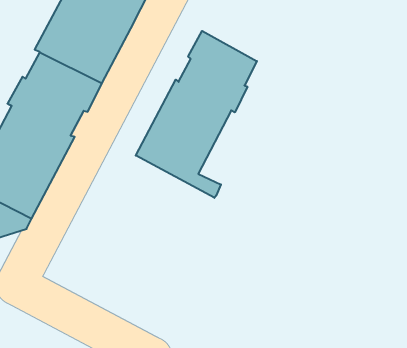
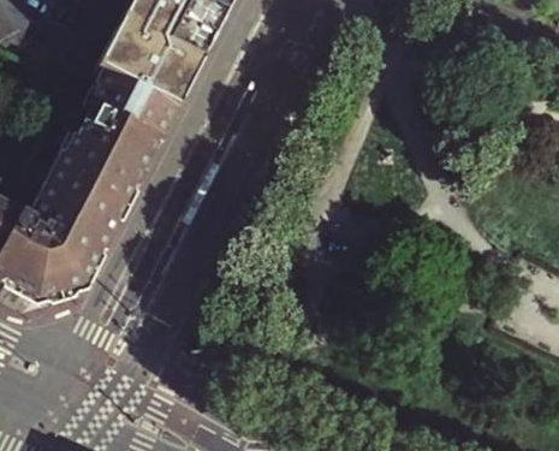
building: [136,31,257,198] -> none

